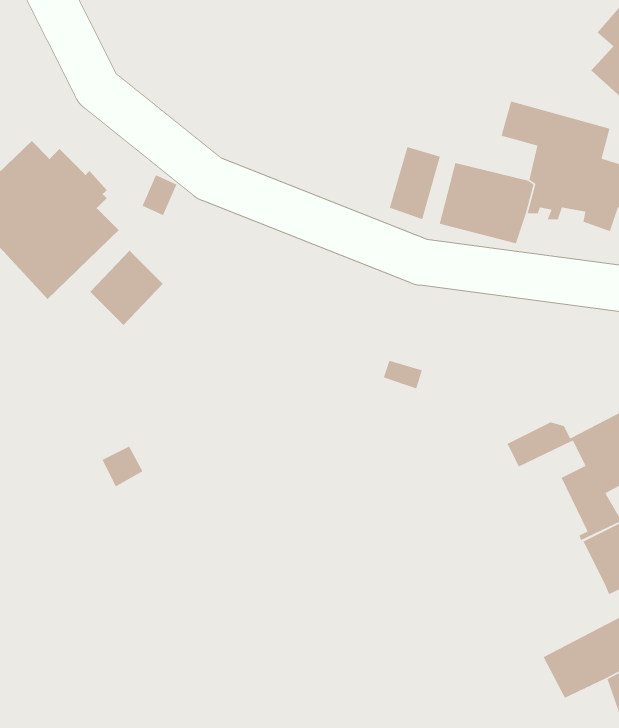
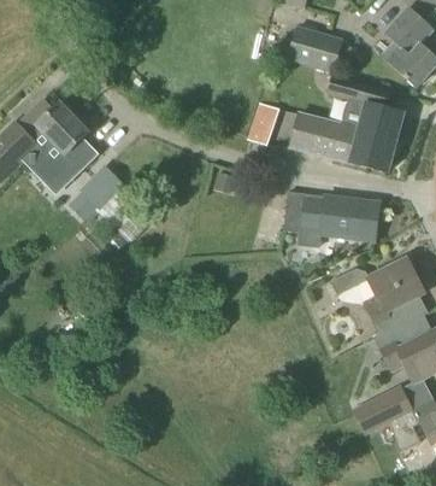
building: none -> [287,25,344,74]
building: none -> [336,139,393,172]
building: none -> [284,192,379,246]

